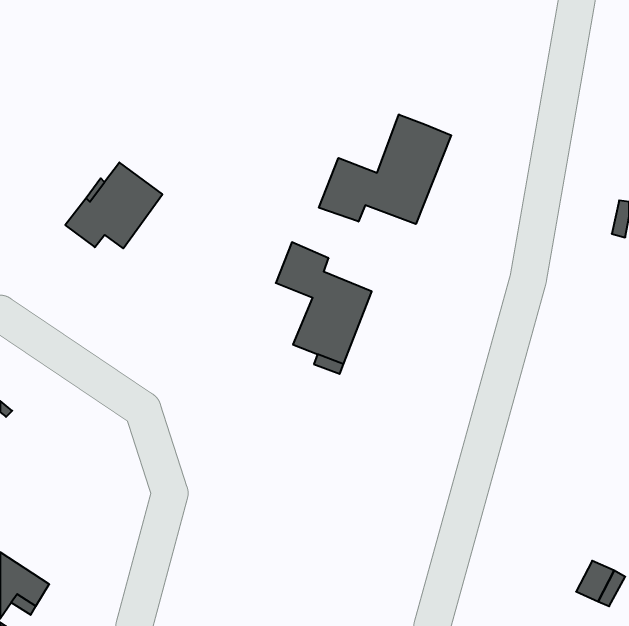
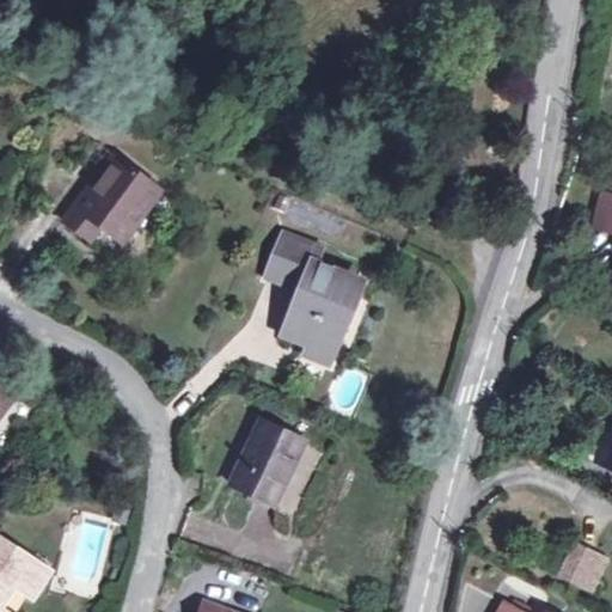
building: [319,114,451,224] -> none
building: none -> [231,411,305,504]

